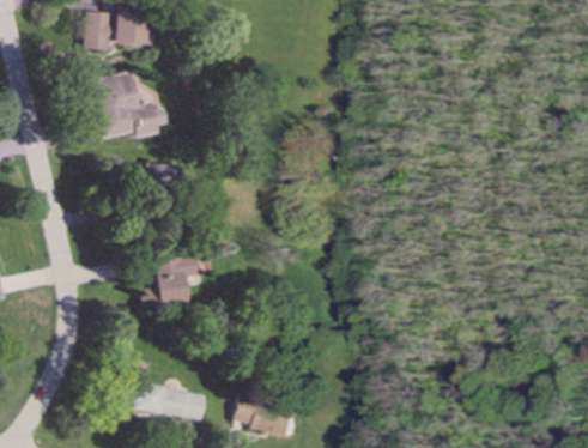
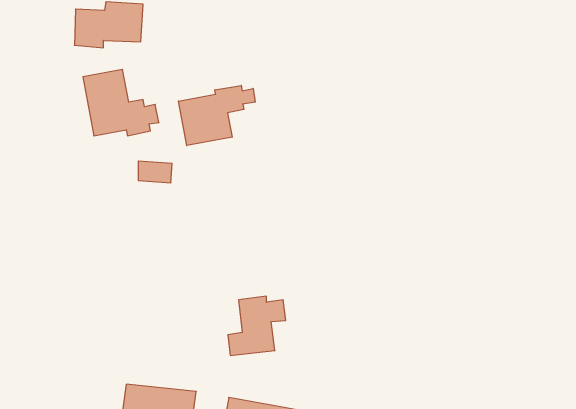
building: none -> [179,85,255,146]
building: [143,252,200,310] -> [228,296,286,355]

